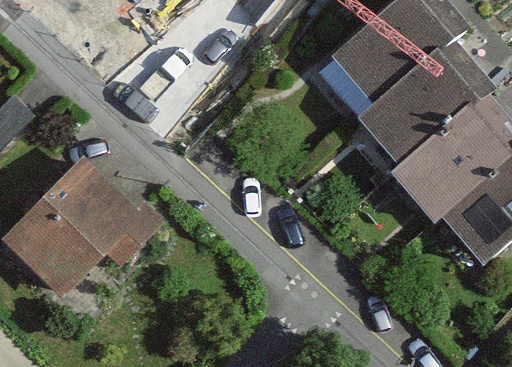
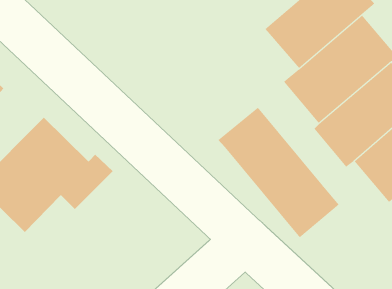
building: none -> [217,107,339,238]

